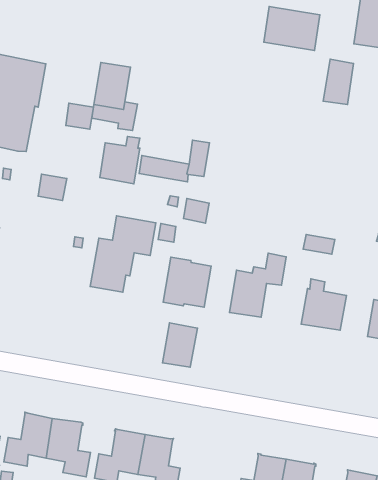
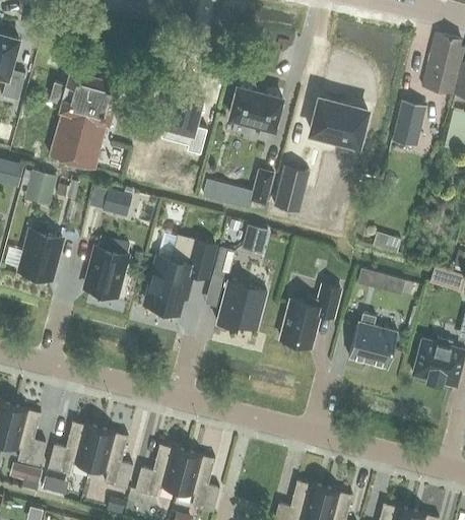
building: [264,6,320,50] -> [310,99,367,145]
building: none -> [229,87,282,140]
building: [66,103,94,129] -> none
building: none -> [274,166,309,212]
building: [100,137,140,184] -> none
building: none -> [88,248,127,297]
building: [163,323,198,367] -> none

